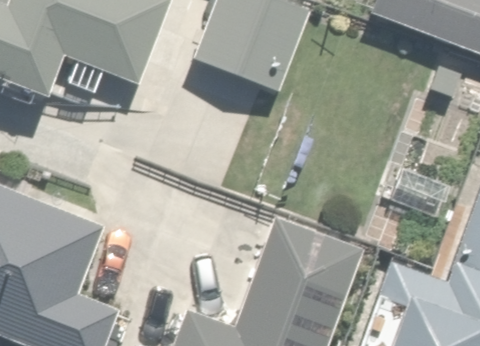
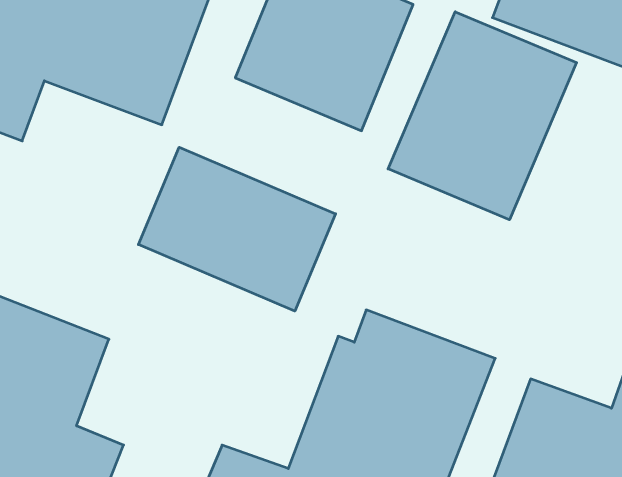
building: none -> [388,12,577,220]
building: none -> [138,147,336,311]

